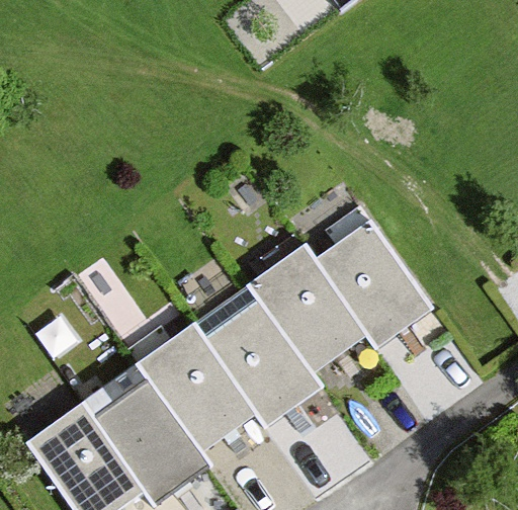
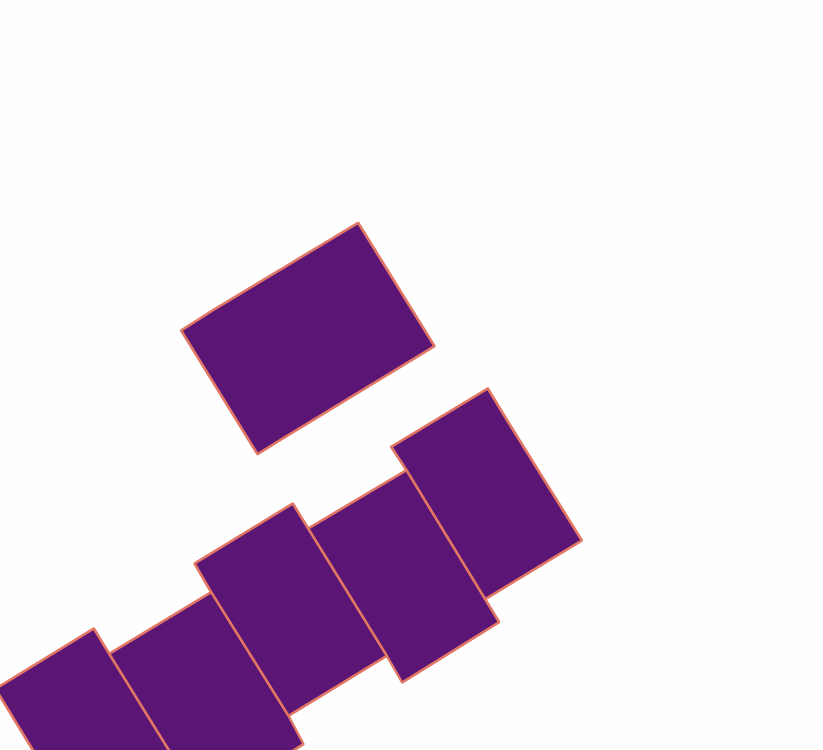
building: none -> [181,223,434,454]
building: [316,225,431,349] -> none

